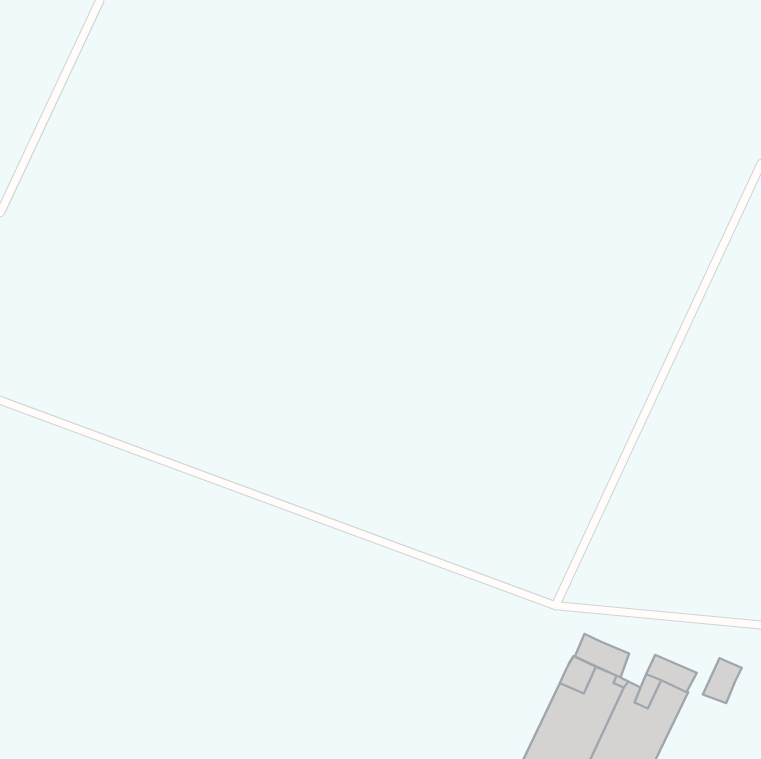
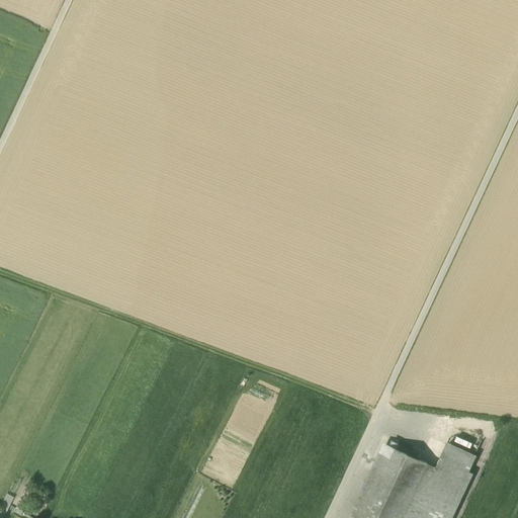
building: [575,634,629,677] -> none
building: [703,658,742,703] -> none

